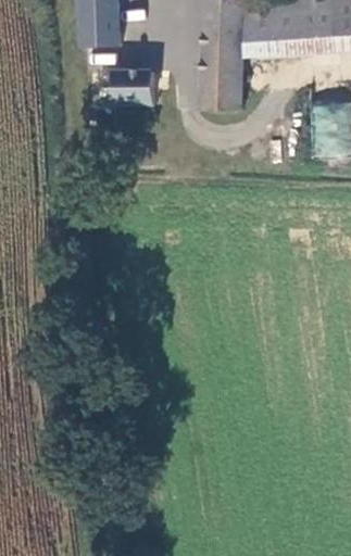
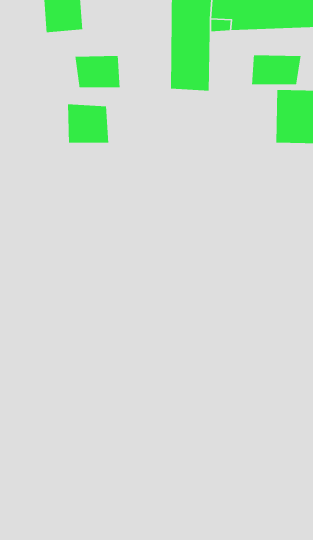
building: none -> [251,55,301,85]
building: none -> [67,104,109,144]

